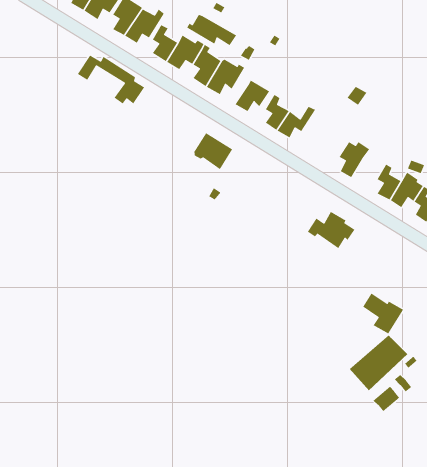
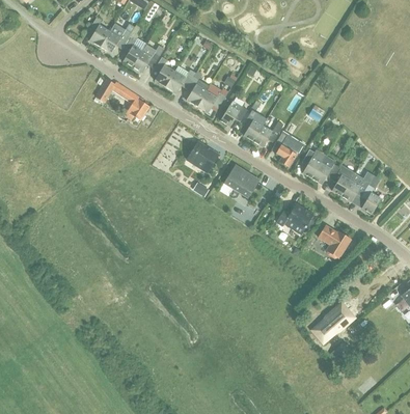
building: [186,14,237,46] -> none
building: none -> [275,131,299,166]
building: none -> [311,155,338,184]
building: none -> [223,165,258,197]
building: [362,293,404,335] -> [318,224,351,257]

